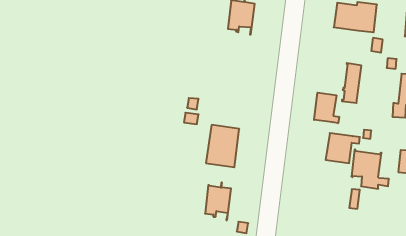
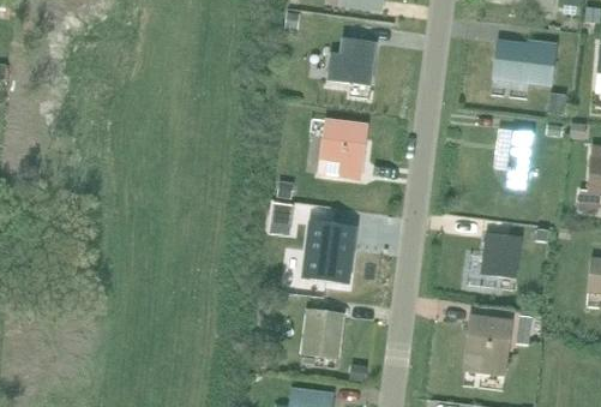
building: none -> [320,119,366,175]
building: [314,93,339,123] -> none
building: [351,150,389,189] -> [467,315,522,372]

